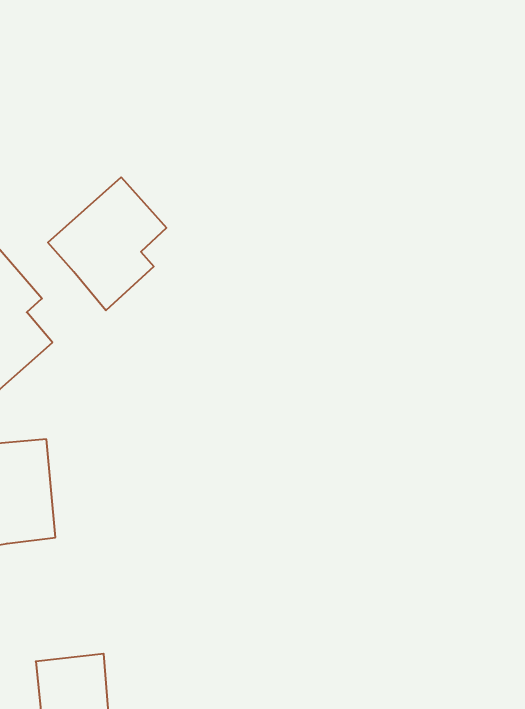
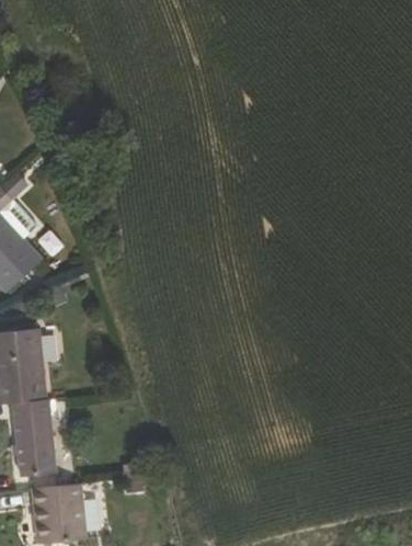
building: [48,177,166,310] -> none
building: none -> [11,399,56,476]

